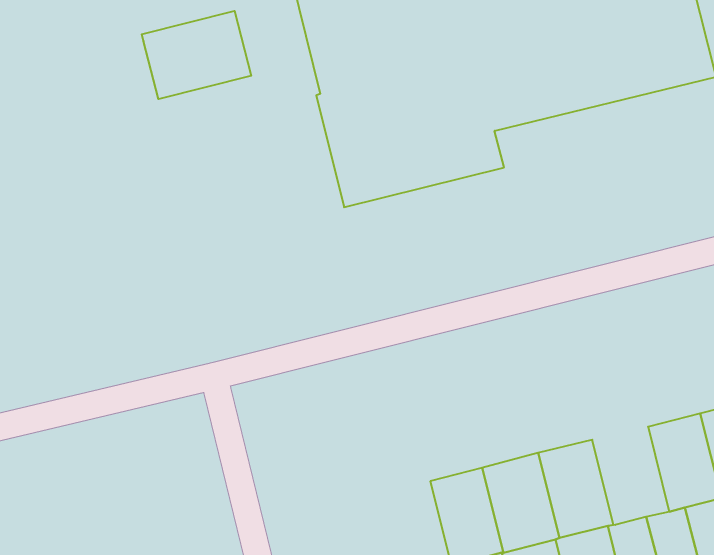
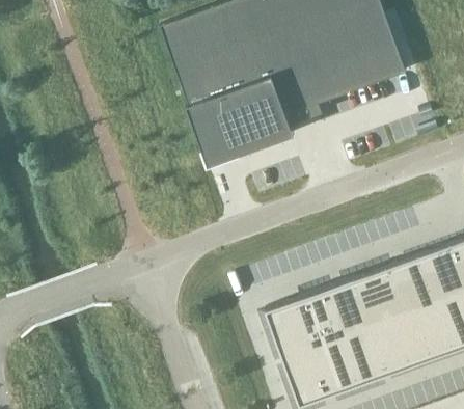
building: [142,11,251,99] -> none
building: none -> [359,271,406,327]

